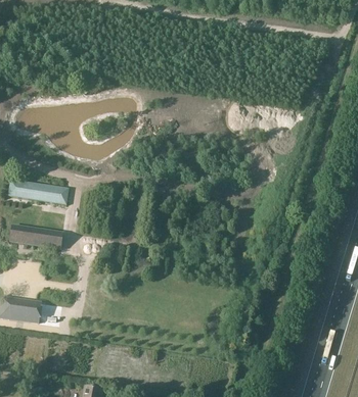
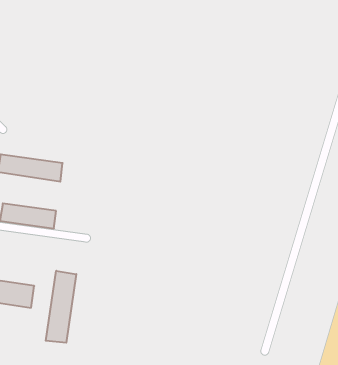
building: none -> [46,271,76,343]

